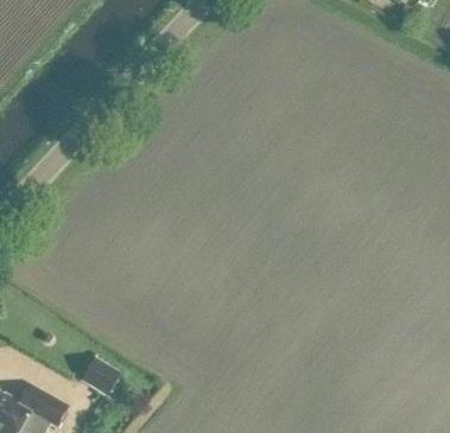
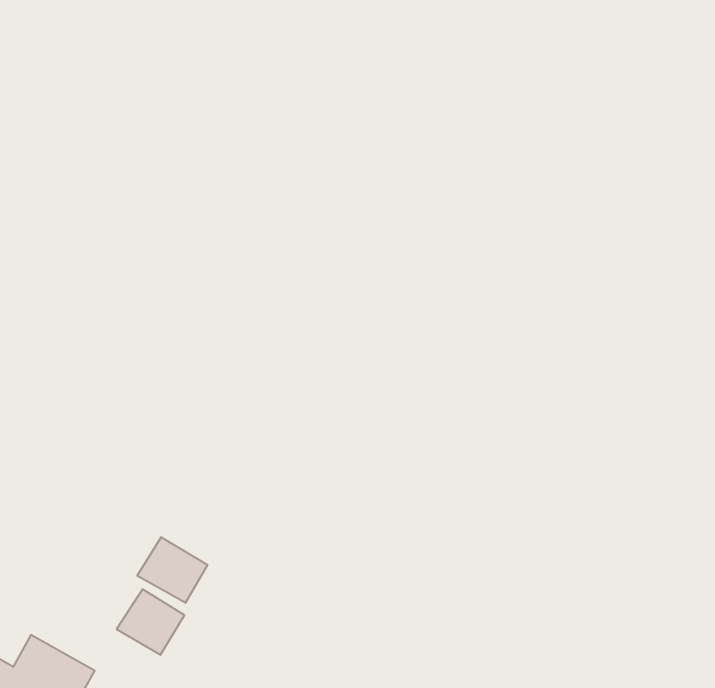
building: none -> [137,537,207,603]

